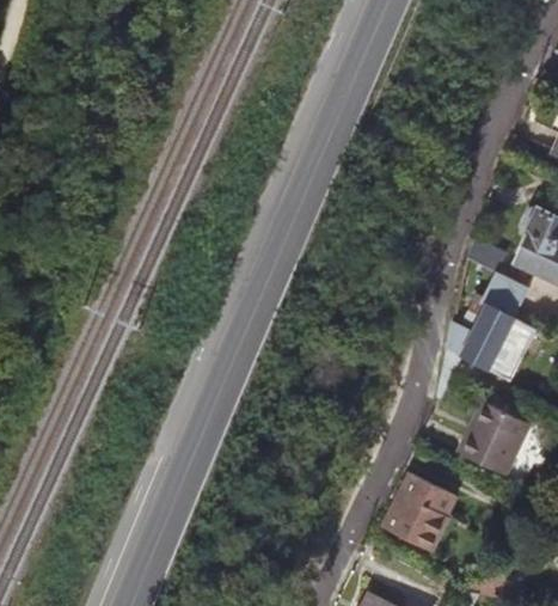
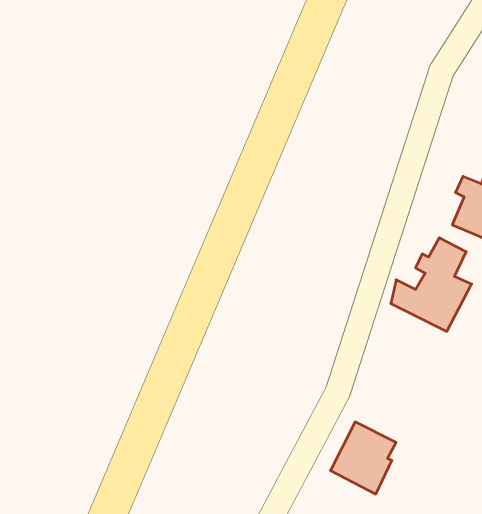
building: [459,403,532,478] -> none

